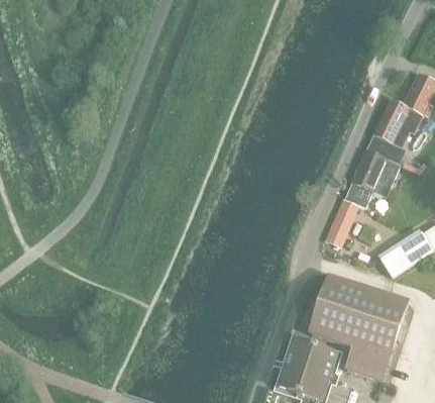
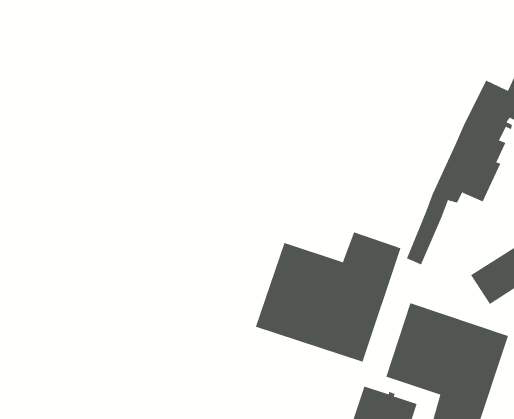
building: none -> [255,232,401,363]

